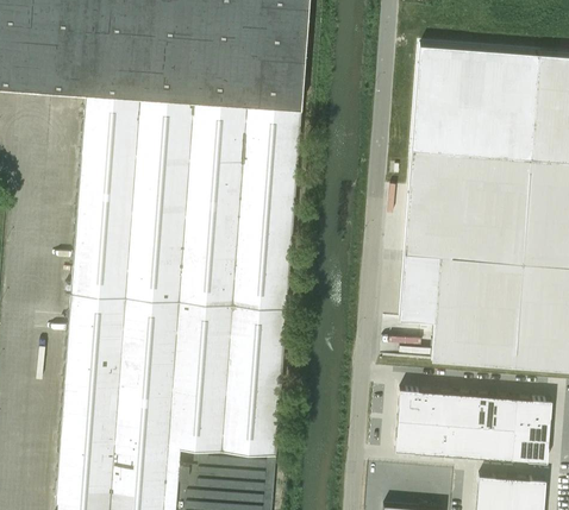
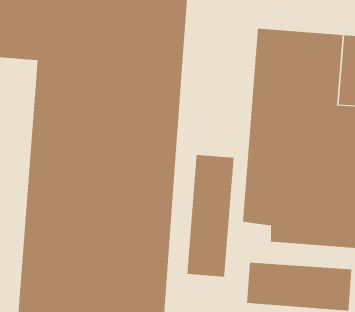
building: none -> [187,154,234,277]

